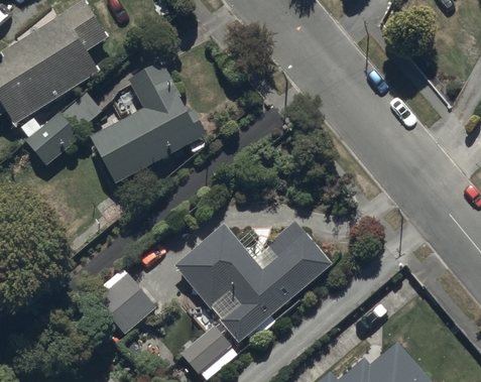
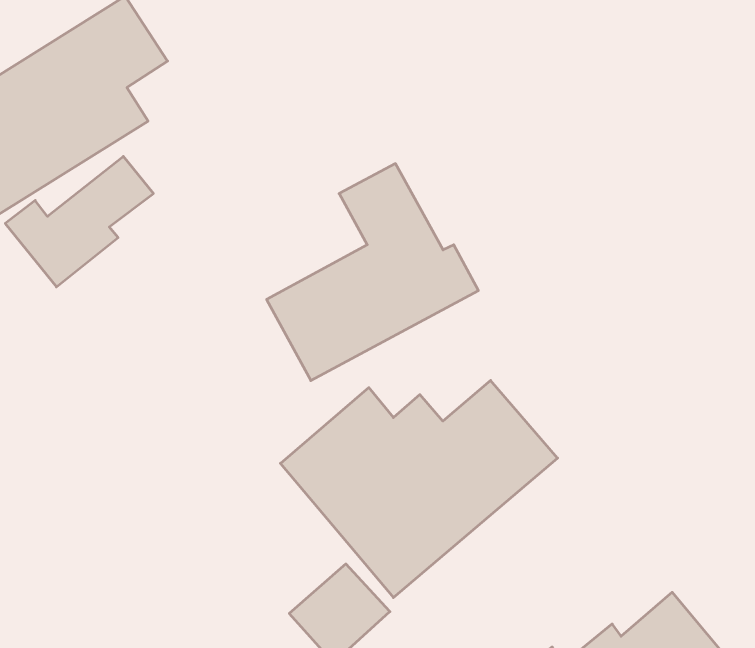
building: [87,61,208,185] -> [267,164,478,381]
building: [89,265,156,334] -> none

